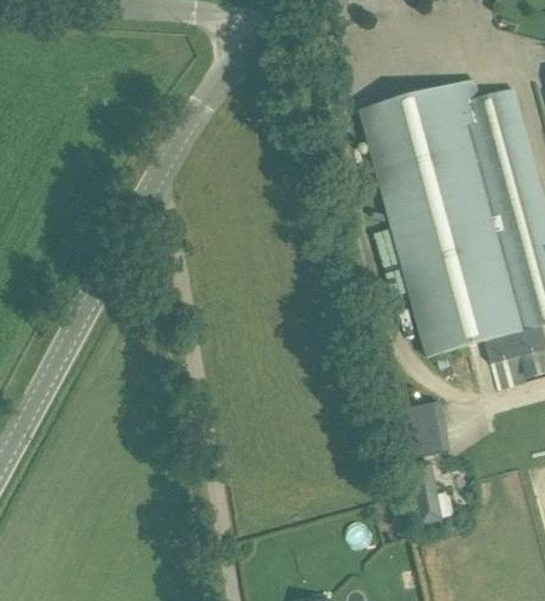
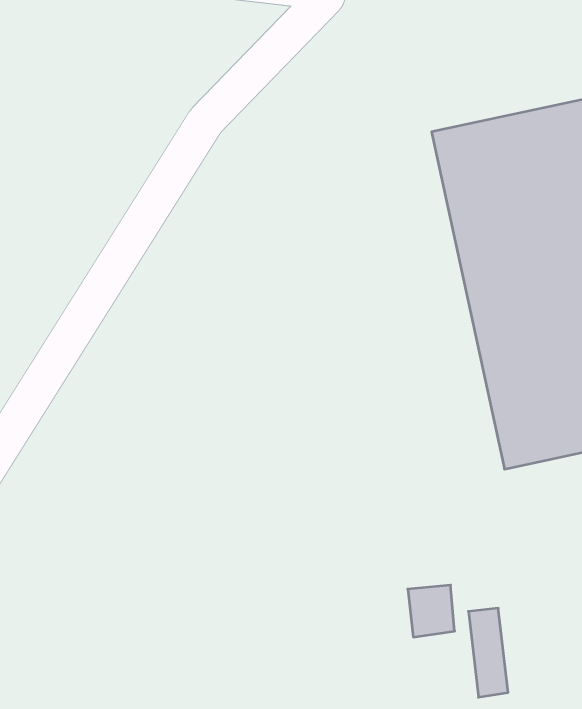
building: [404,406,440,446] -> [408,585,455,637]

